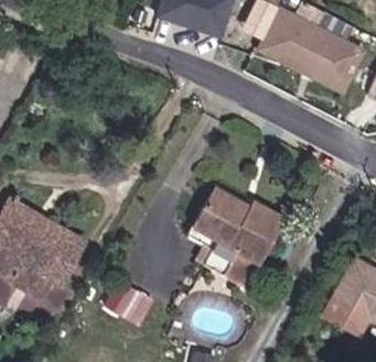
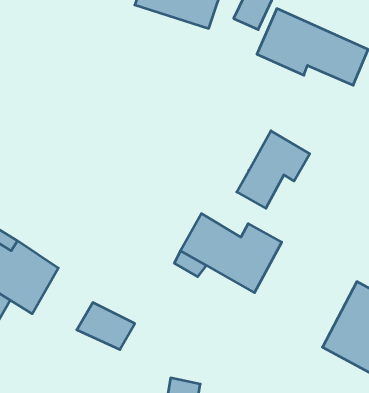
building: none -> [237,131,310,208]

